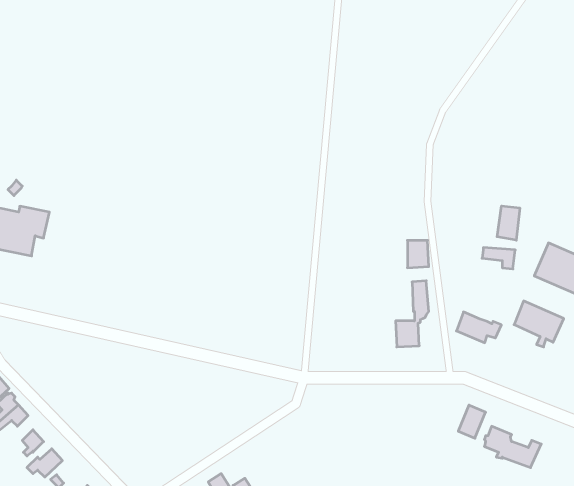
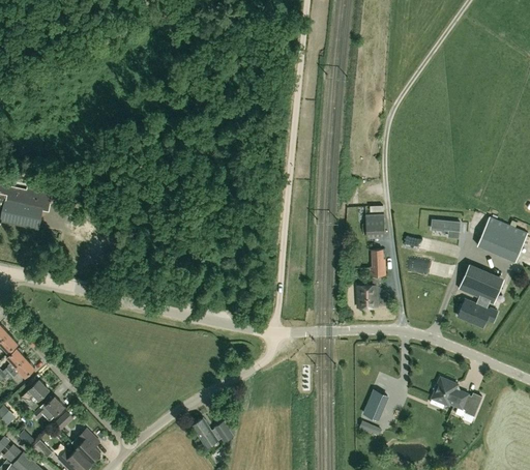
building: [497,206,520,240] -> none
building: [456,312,501,343] -> [459,299,498,326]
building: [458,405,486,438] -> [365,390,389,419]

